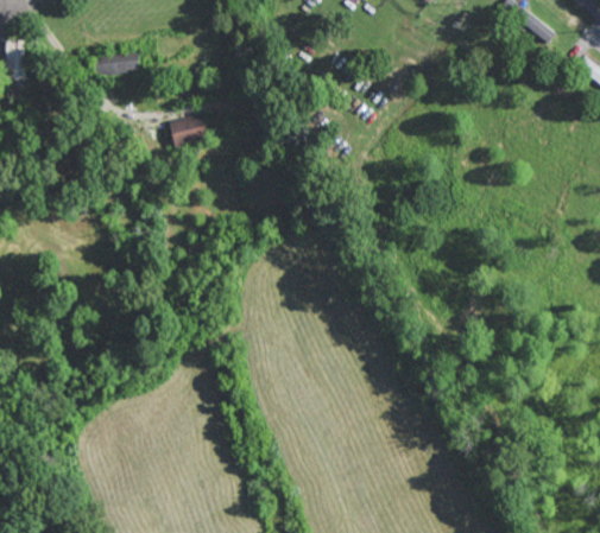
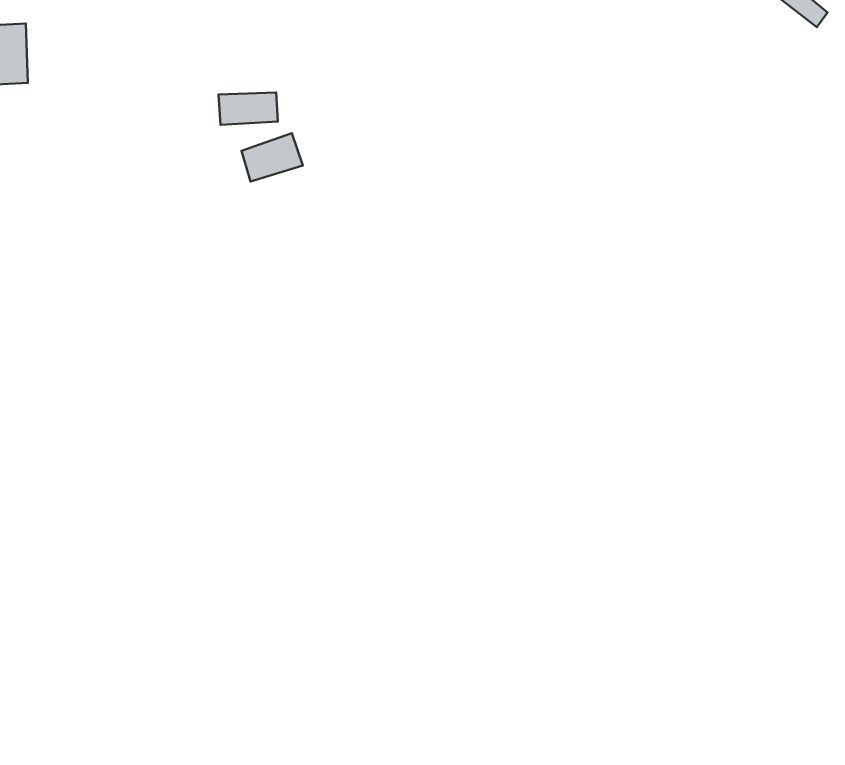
building: [101,55,140,76] -> [219,93,278,125]

